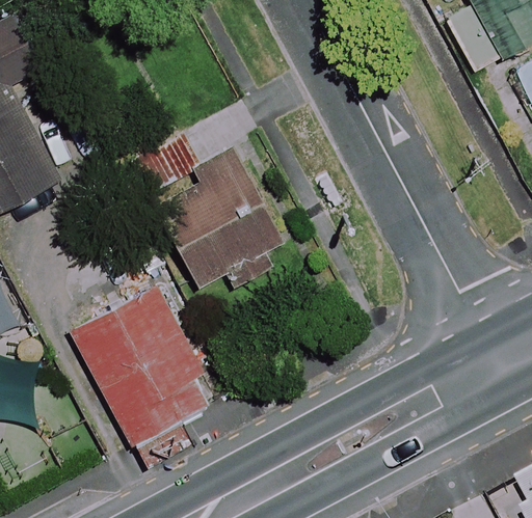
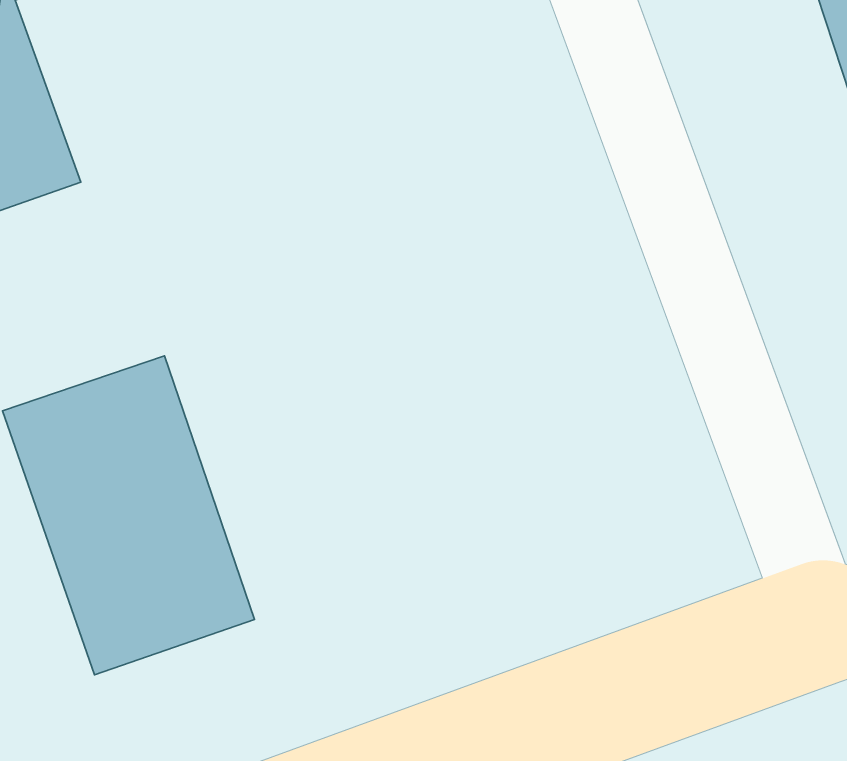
building: [143,160,283,292] -> none

